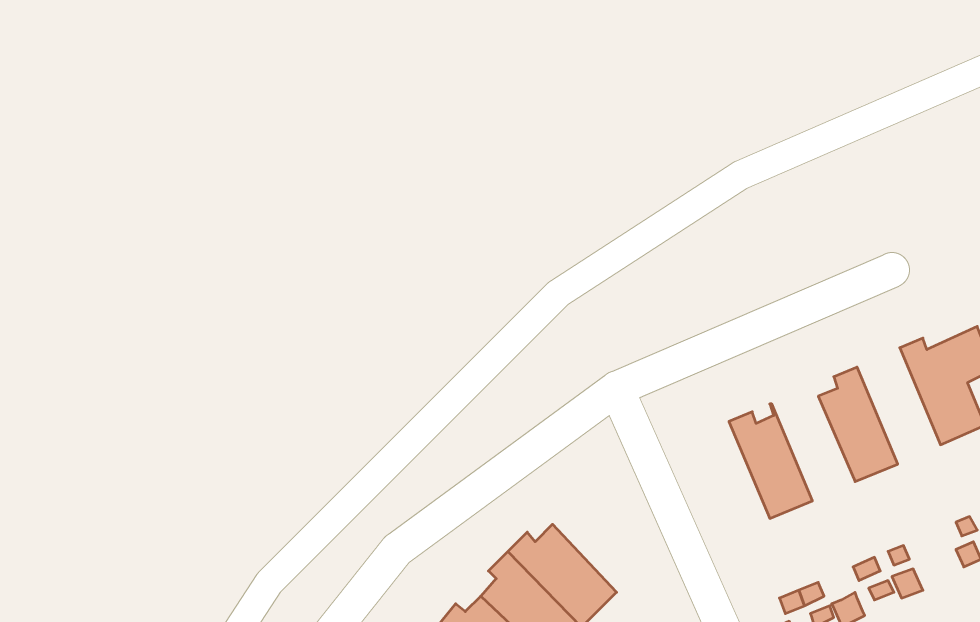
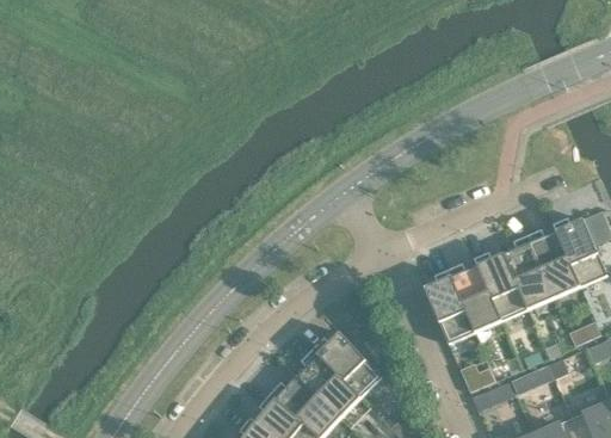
building: none -> [527,224,579,296]
building: none -> [475,252,526,319]
building: none -> [424,270,474,341]

